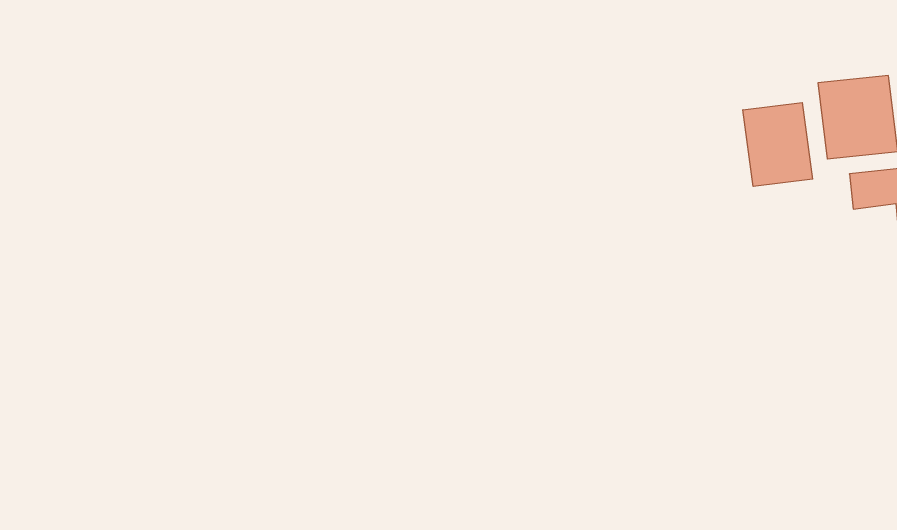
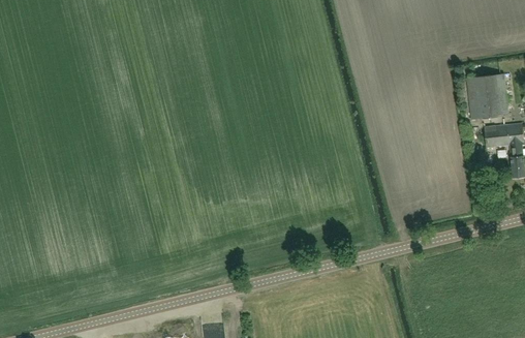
building: [743,103,813,186] -> none

